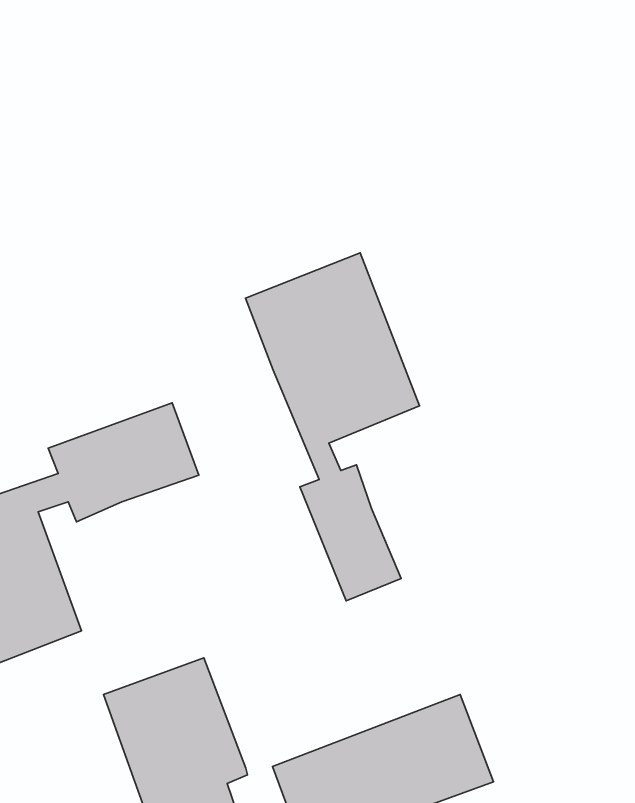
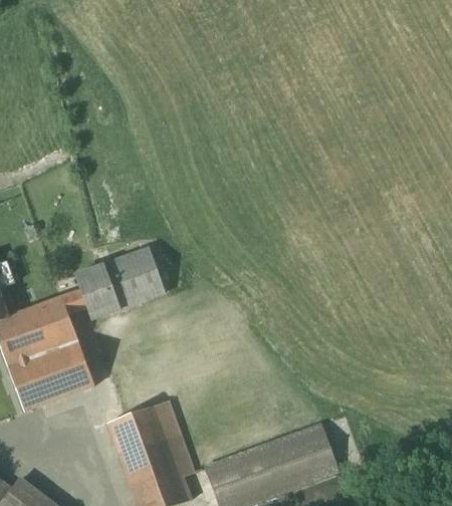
building: [245,253,419,601] -> none

